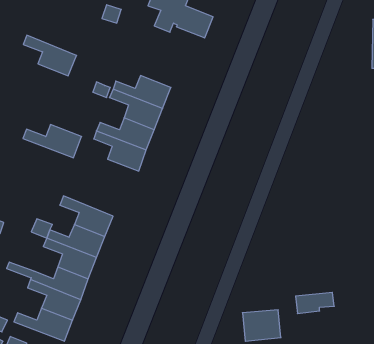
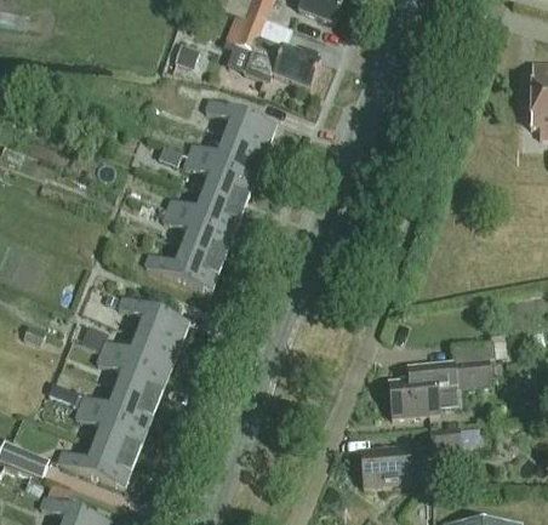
building: [23,35,77,76] -> [205,99,275,153]
building: [23,125,82,158] -> [144,247,222,291]
building: none -> [387,359,491,418]

